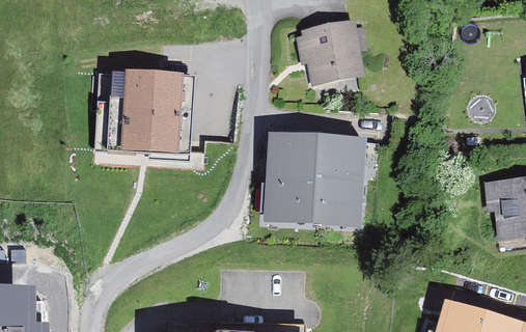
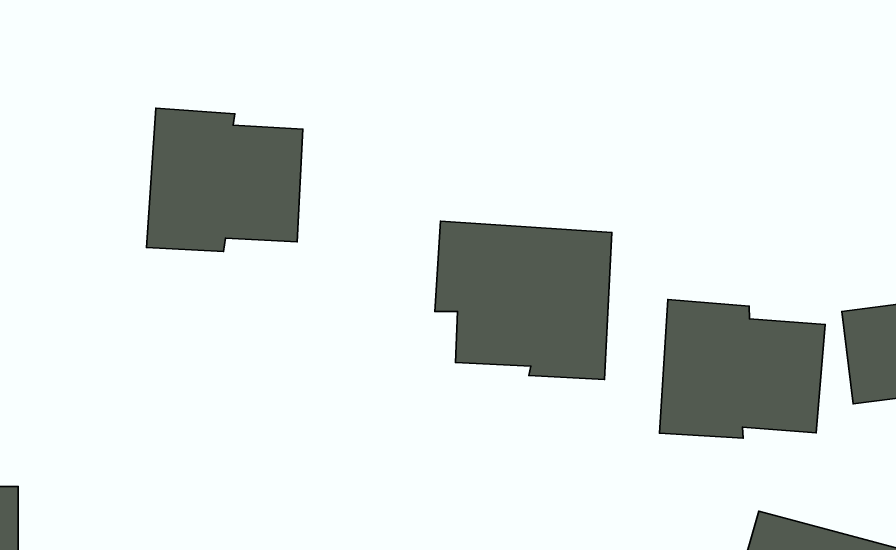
building: [298,28,365,77] -> none
building: none -> [659,300,825,438]

